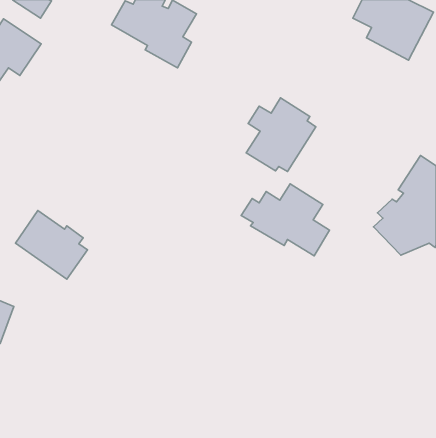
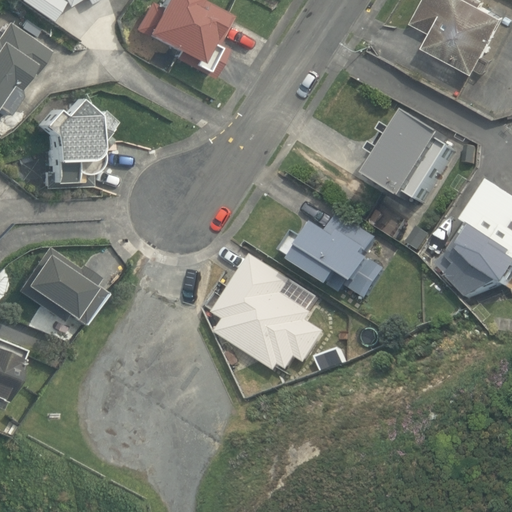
building: none -> [35,98,111,186]
building: [246,98,316,172] -> [372,116,453,202]
building: none -> [212,252,326,370]

